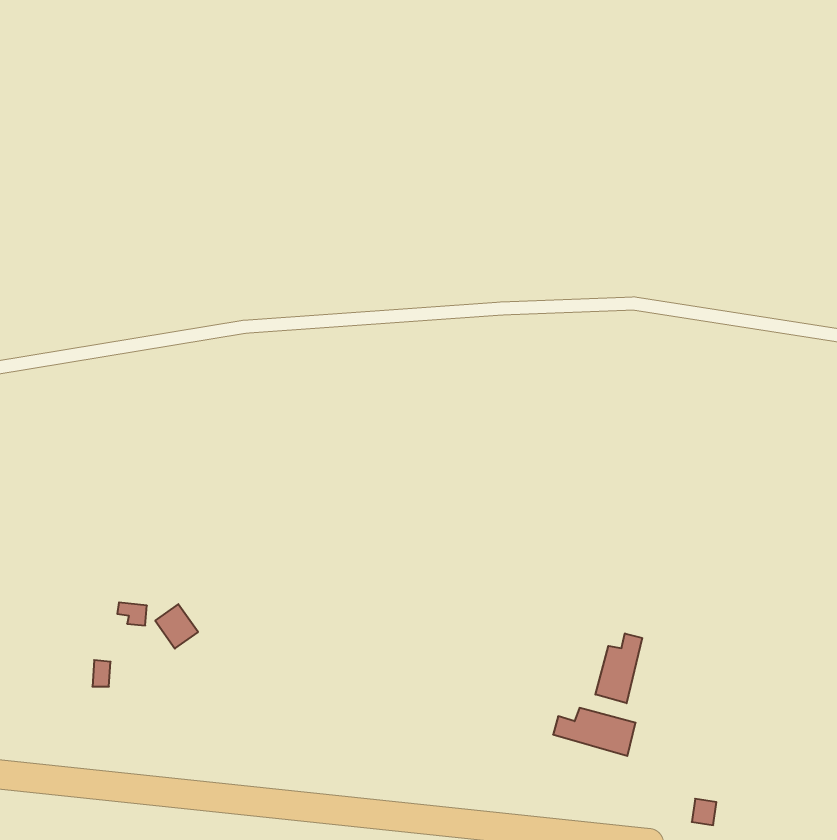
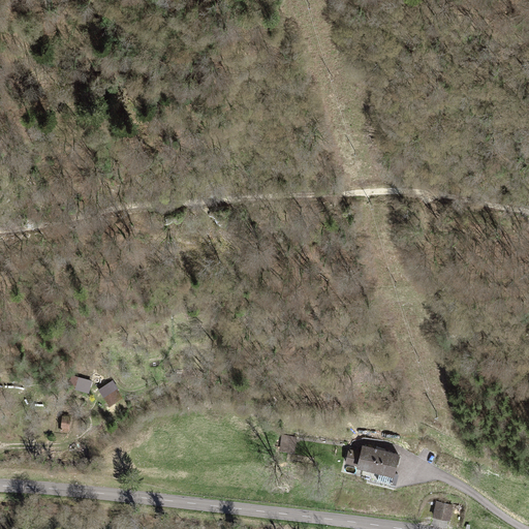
building: [595,633,642,703] -> none

